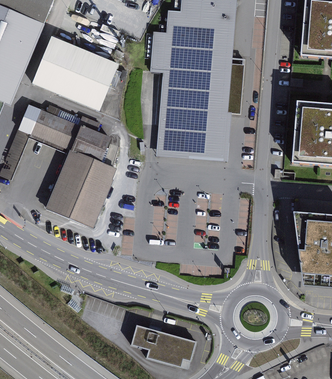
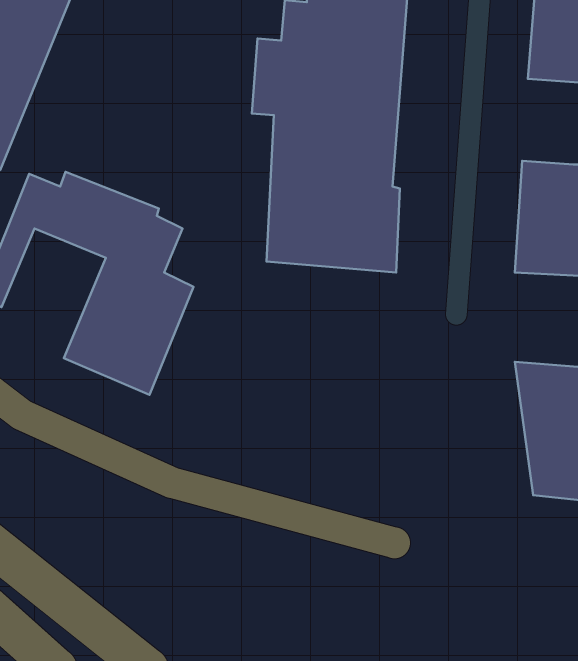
building: [33,35,120,109] -> none
building: [131,324,197,368] -> none

